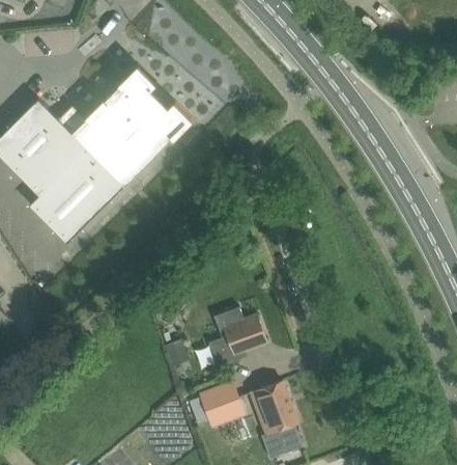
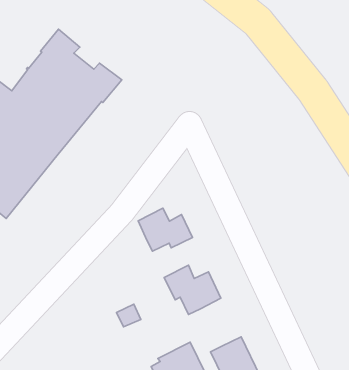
building: none -> [138,208,193,251]

